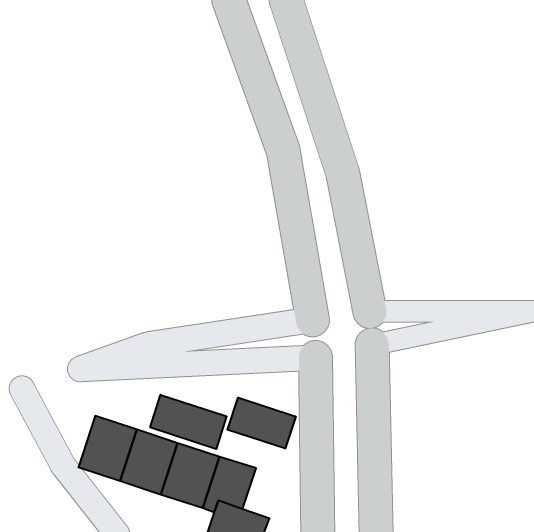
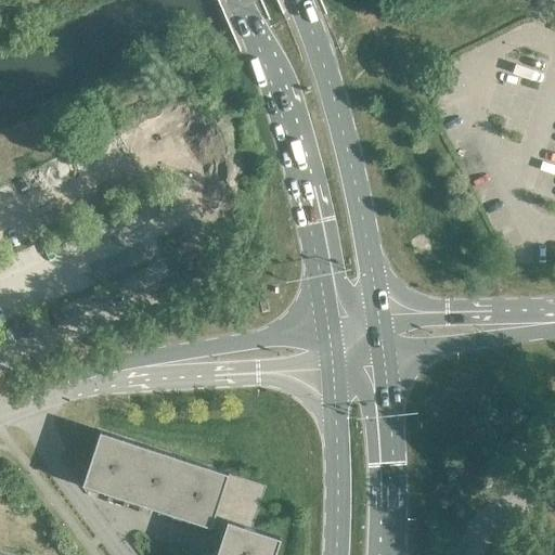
building: [150,395,227,449] -> none
building: [227,398,296,449] -> none

